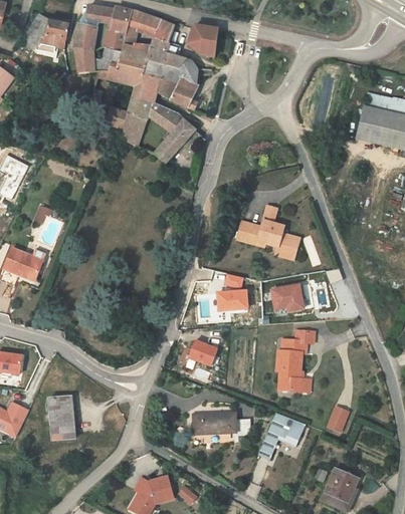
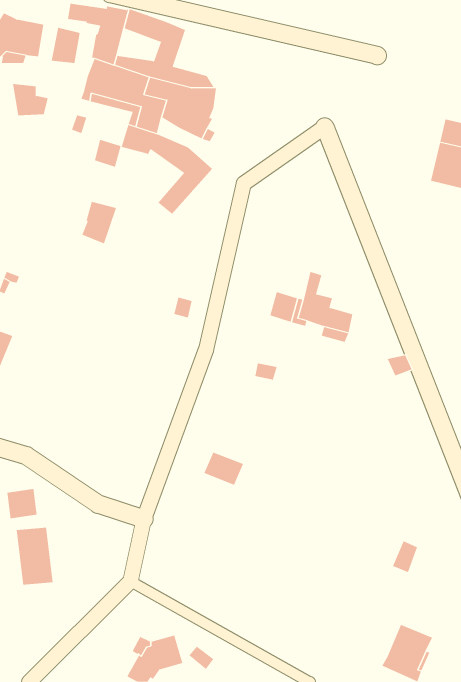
building: [187,25,217,57] -> none
building: [74,49,102,73] -> [12,84,49,116]
building: [120,113,146,146] -> [82,201,117,244]
building: [271,285,305,311] -> none
building: [218,291,247,310] -> none
building: [277,330,315,392] -> none
building: none -> [7,488,37,519]
building: [194,413,252,436] -> none
building: [257,414,306,461] -> none

